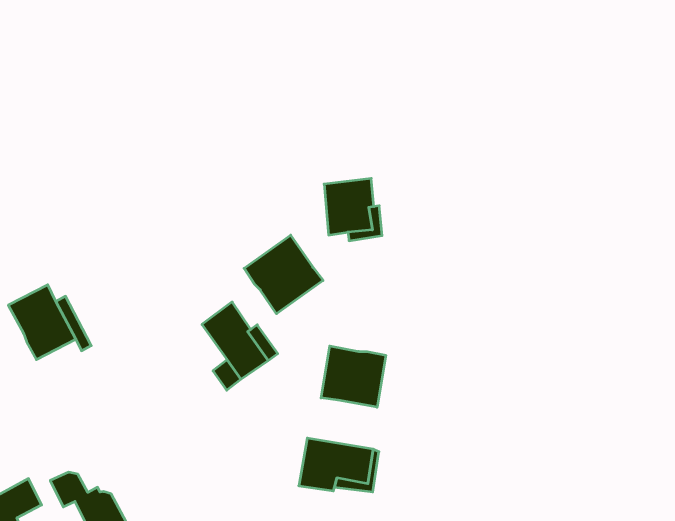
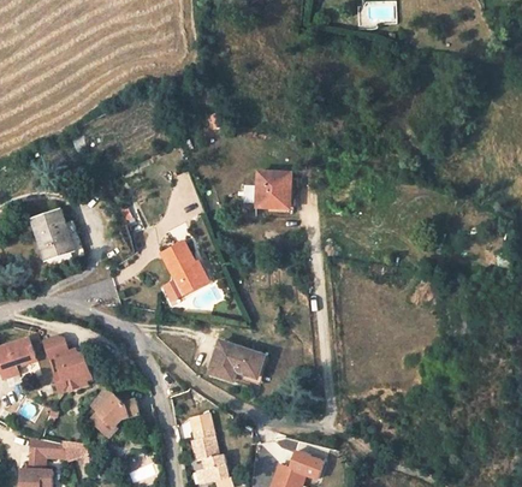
building: [244,235,323,314] -> none
building: [321,346,386,407] -> none

